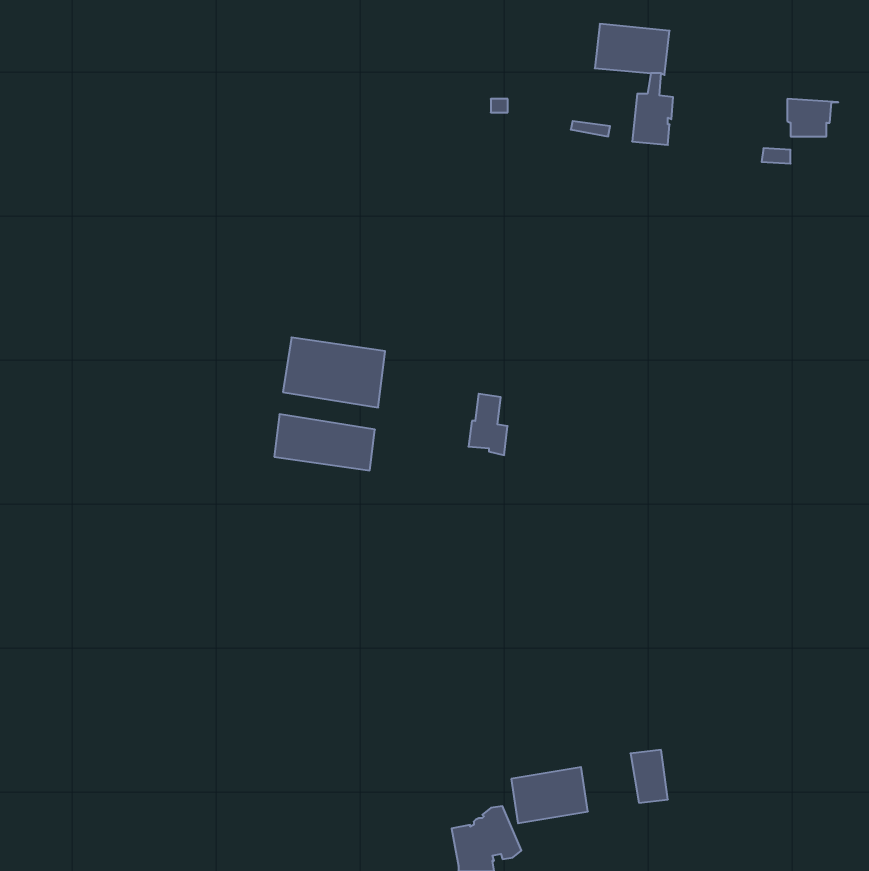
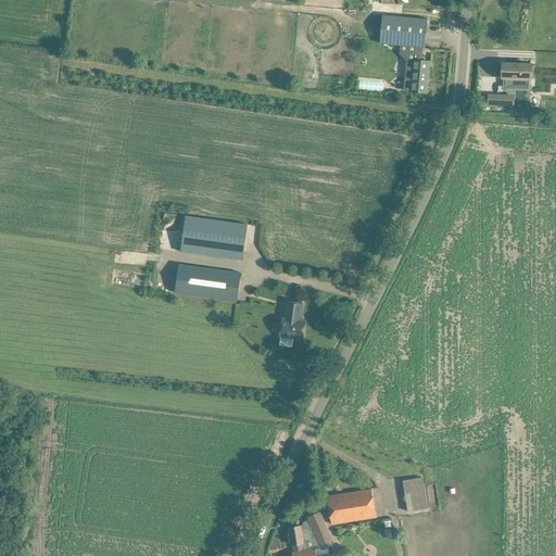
building: [468,394,508,455] -> [279,301,304,340]

